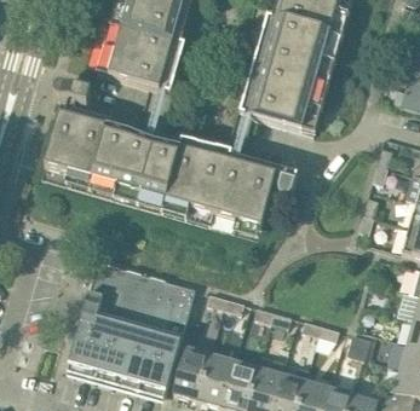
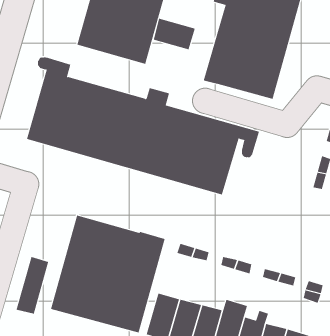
building: none -> [153,18,195,50]
building: none -> [16,256,49,314]

